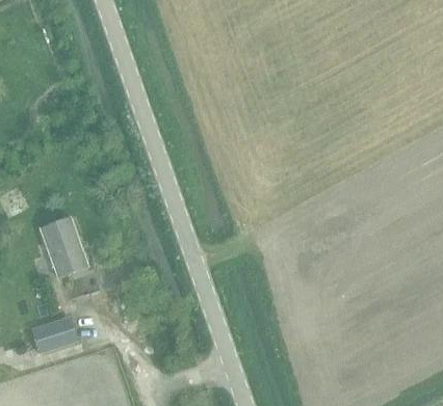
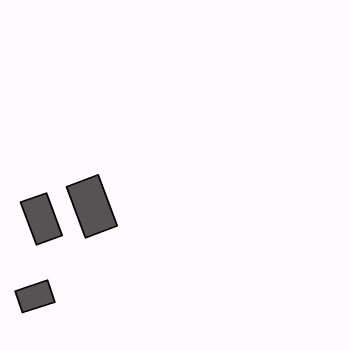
building: none -> [67,175,117,238]

